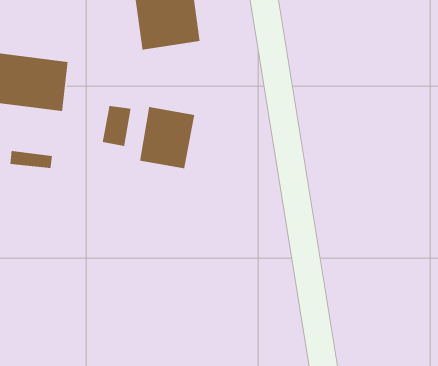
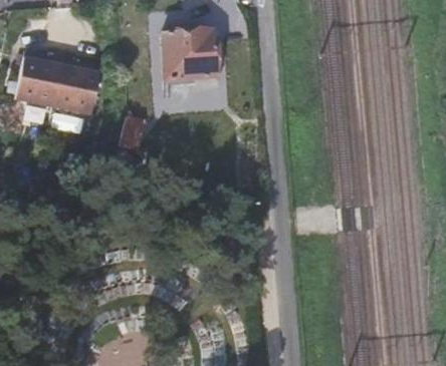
building: [139,106,195,169] -> none

